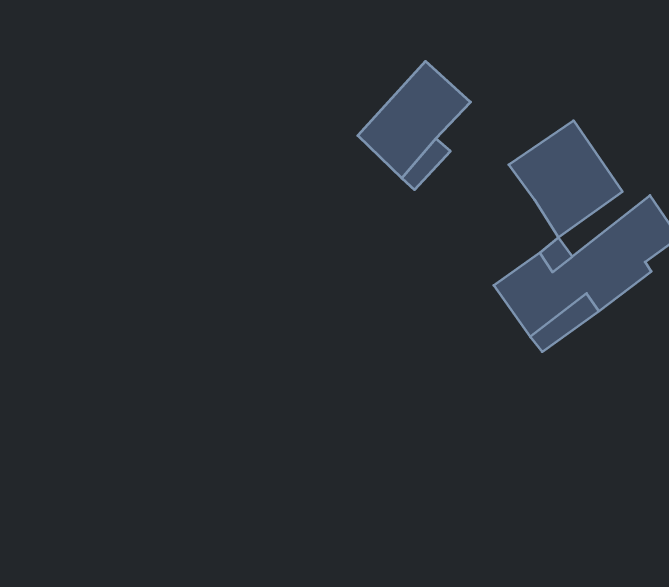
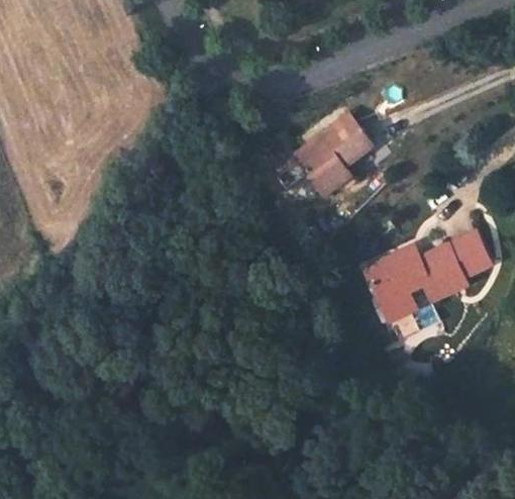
building: [509,121,622,237] -> none

